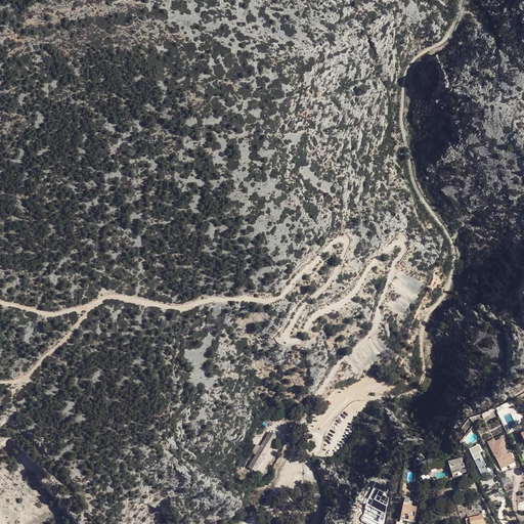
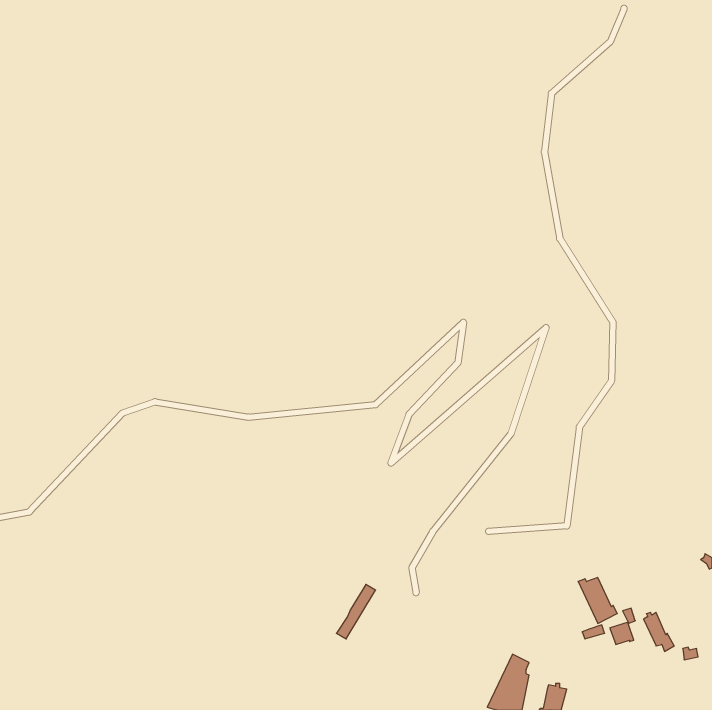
building: [487,437,516,471] -> [578,577,617,623]

